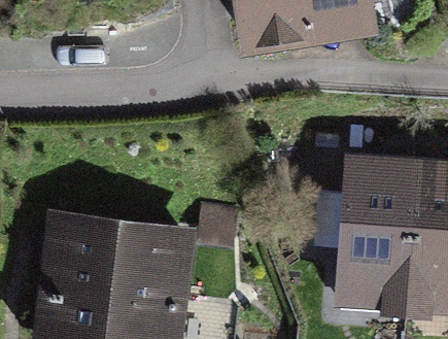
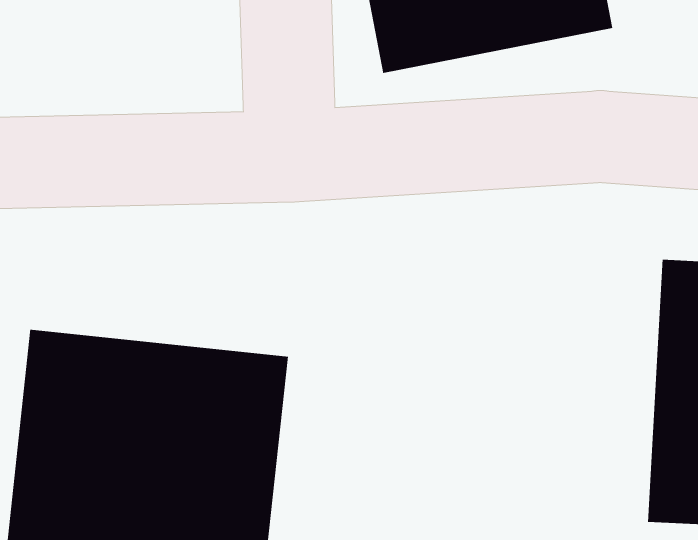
building: [340,159,411,312] -> none

